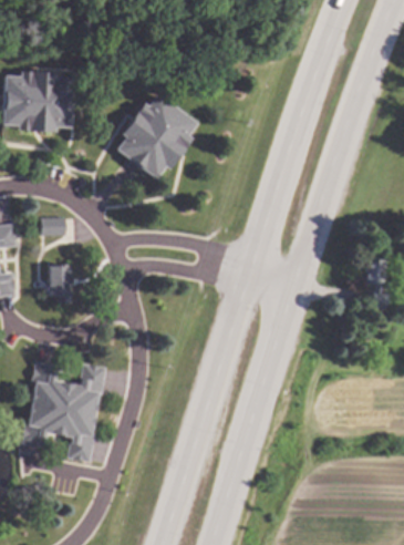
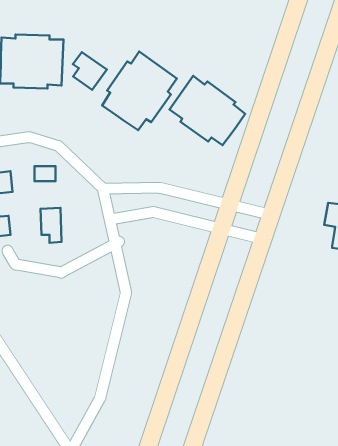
building: none -> [73,52,107,90]
building: none -> [169,76,245,145]
building: [24,363,106,460] -> none

